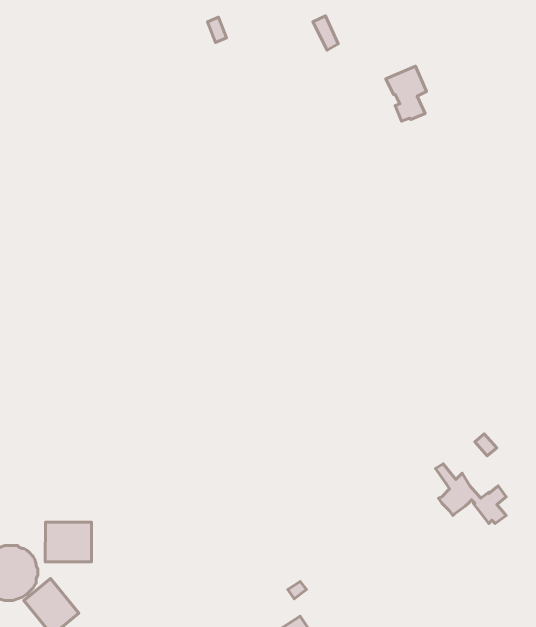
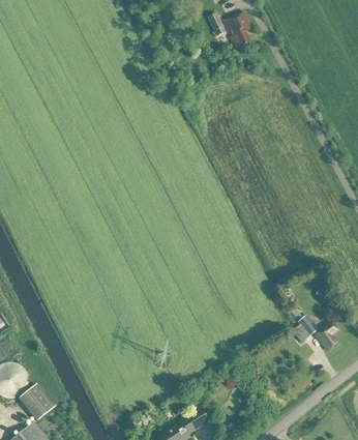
building: [386,66,427,121] -> [225,12,251,49]
building: [45,522,92,562] -> none

